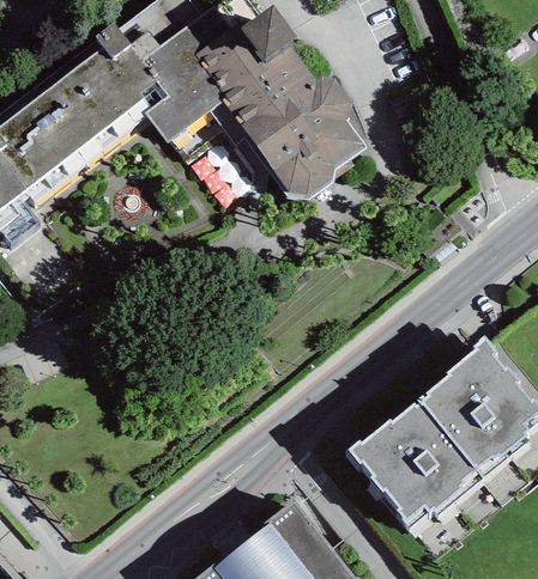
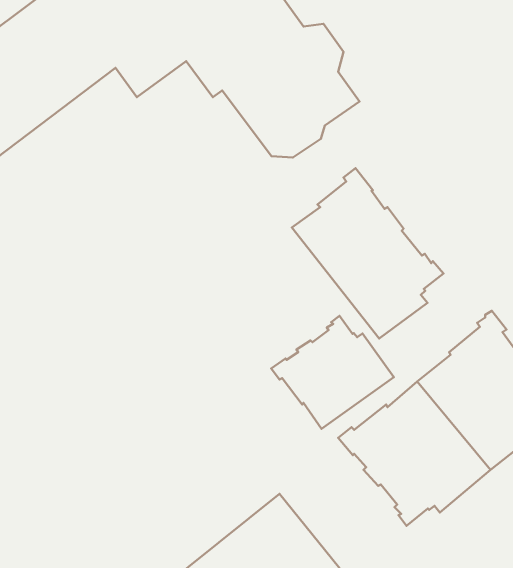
building: none -> [292,168,444,339]
building: none -> [271,316,394,429]

